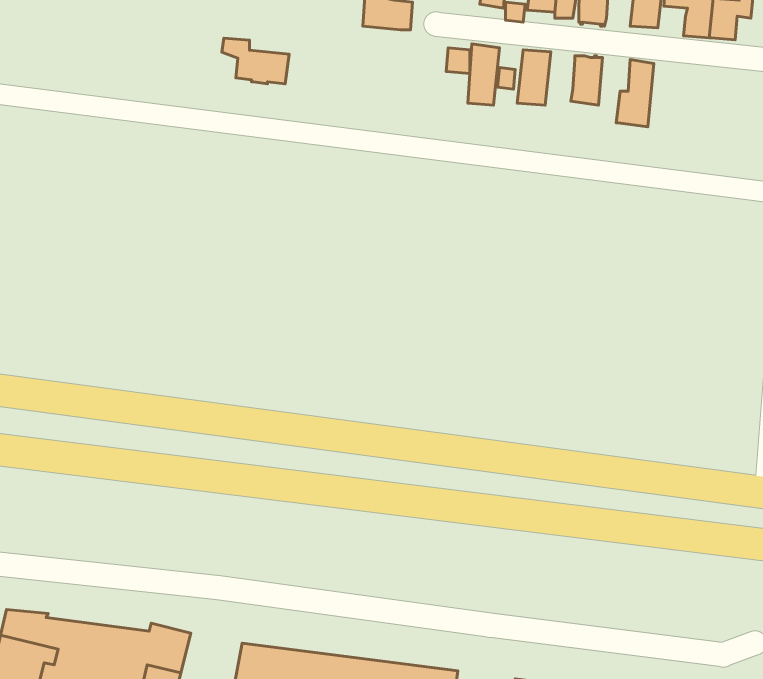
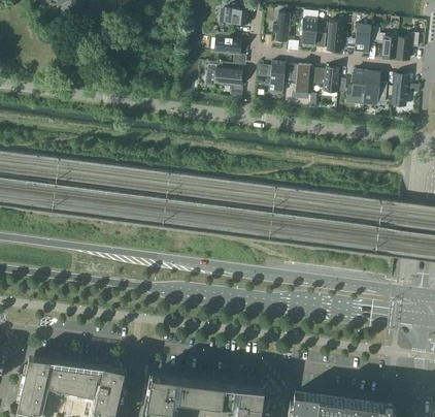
building: [222,38,289,84] -> [207,62,242,86]
building: none -> [363,71,387,105]
building: none -> [391,74,407,106]

